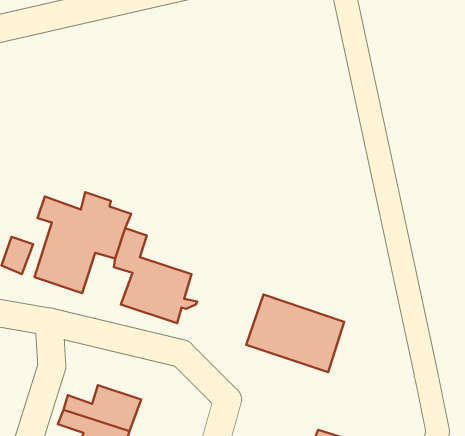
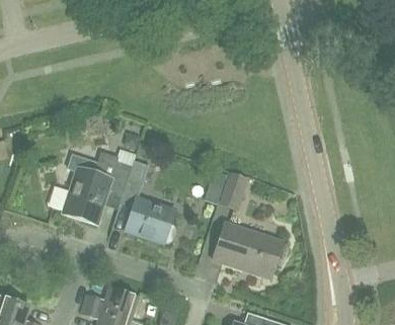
building: none -> [219,170,248,209]

